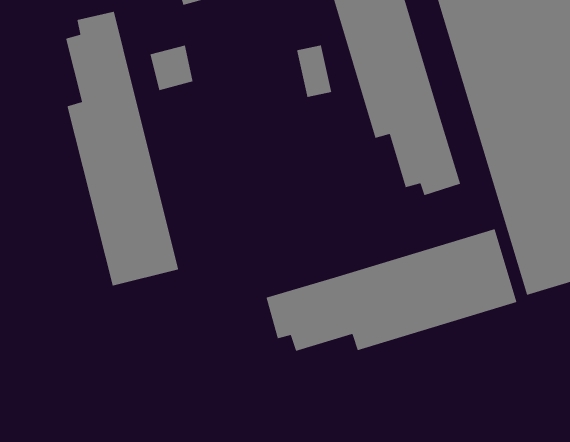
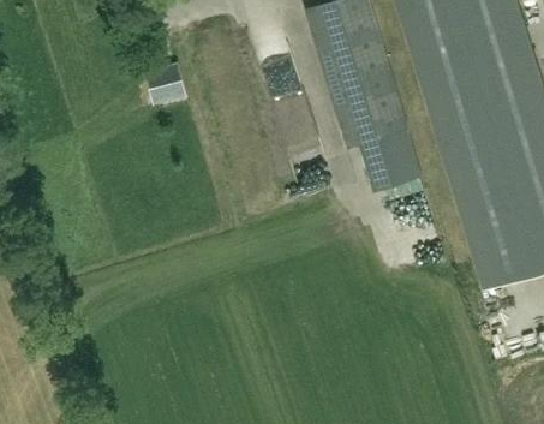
building: [65,11,179,287] -> none
building: [265,228,517,352] -> none

